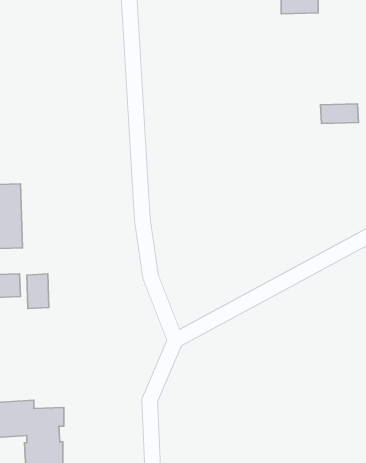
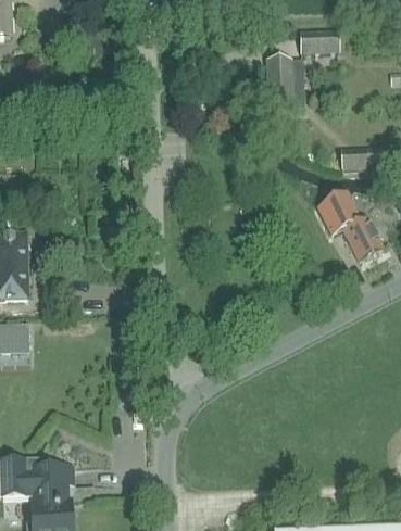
building: none -> [266,59,304,108]
building: none -> [317,192,383,261]
building: [27,274,49,309] -> none

